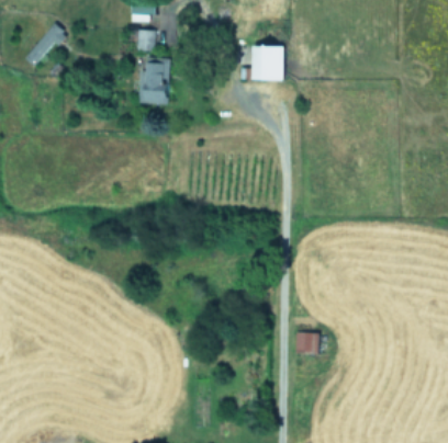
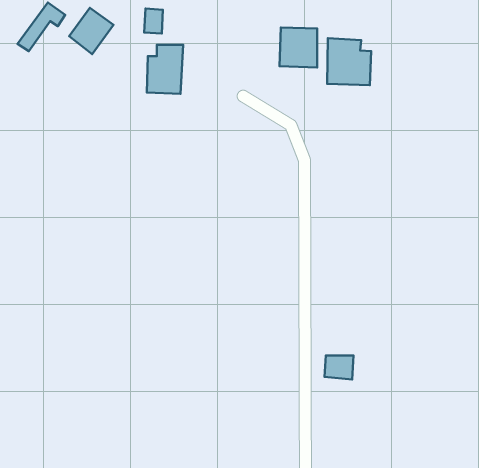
building: none -> [69,8,113,54]
building: none -> [327,38,371,85]

